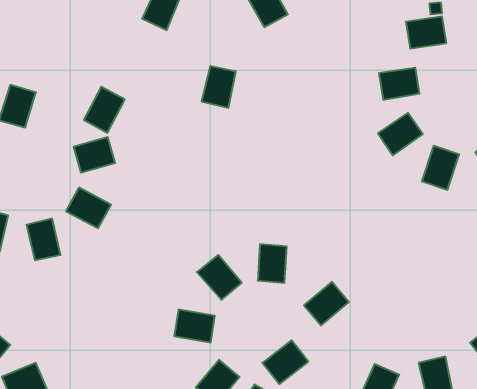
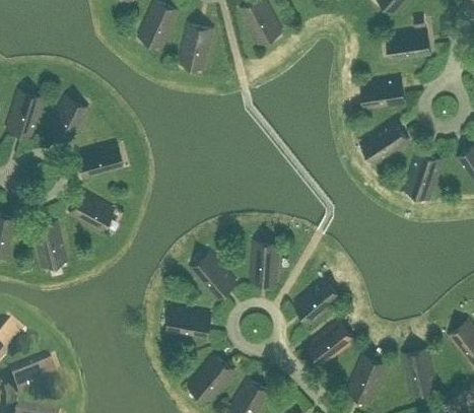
building: [202,66,236,108] -> [180,25,212,65]
building: [84,87,125,133] -> [46,100,84,144]
building: [262,340,308,384] -> [308,324,351,365]

